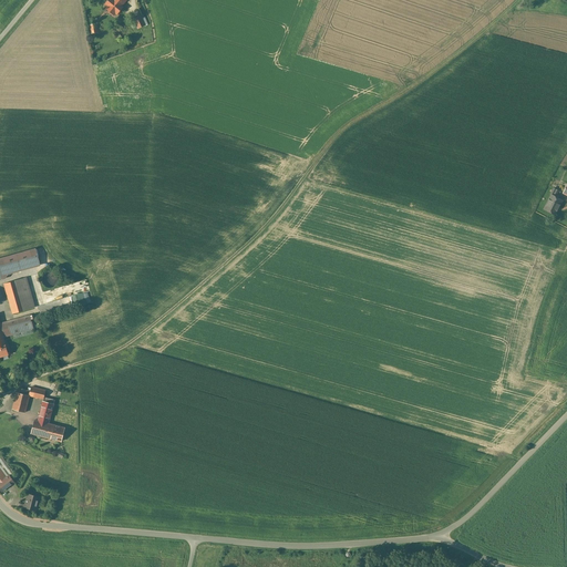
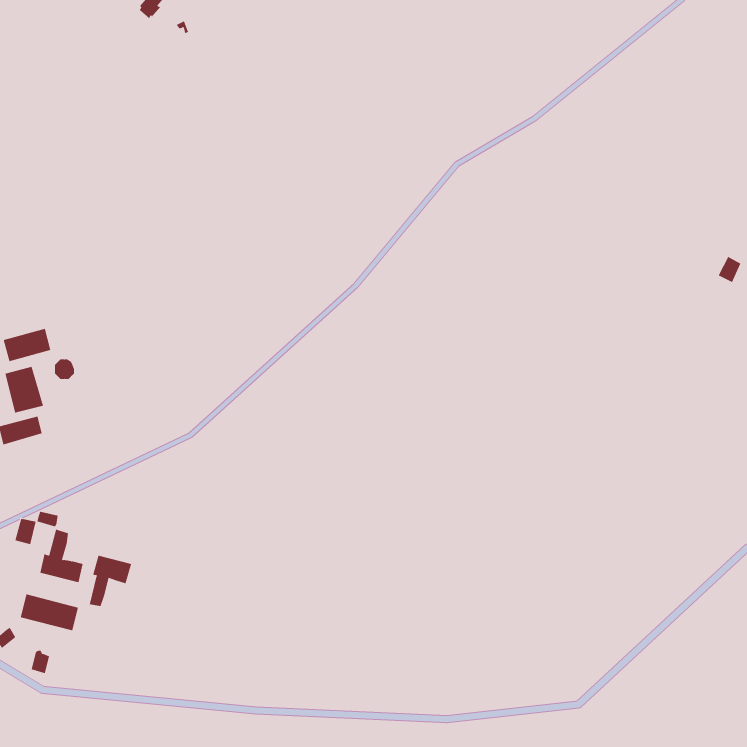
building: none -> [89,555,132,607]
building: none -> [20,593,79,631]

